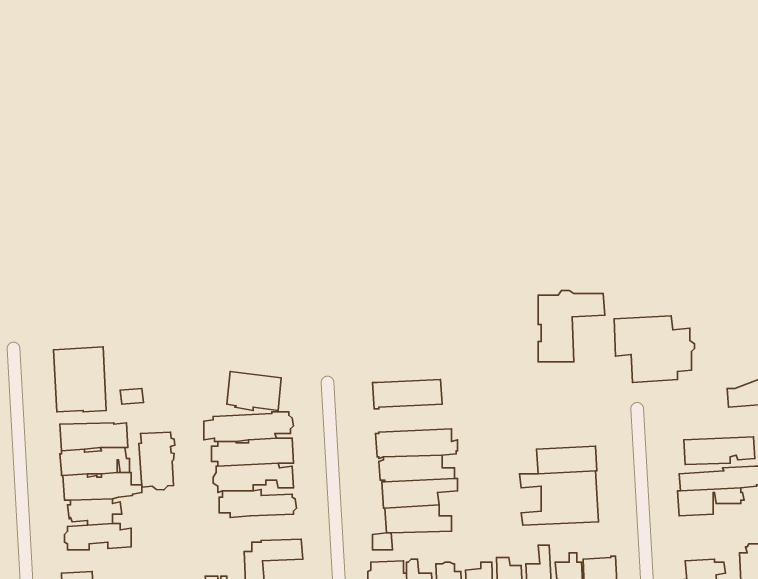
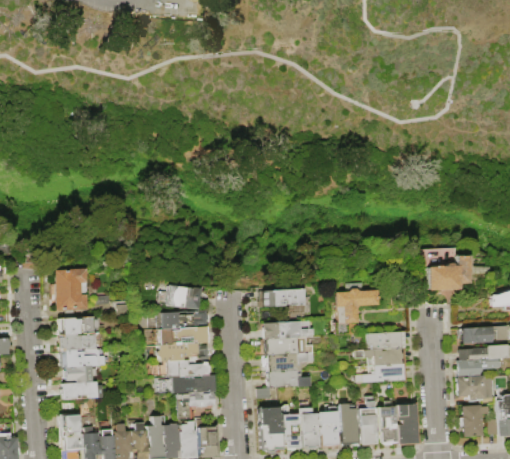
building: [538,290,605,362] -> [336,289,379,335]
building: [139,432,175,490] -> none
building: none -> [175,376,215,392]
building: none -> [457,376,492,400]

